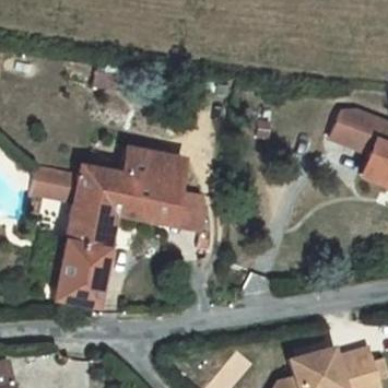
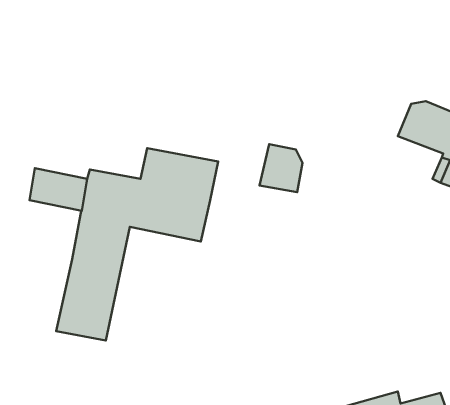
building: [173,191,208,231] -> [260,144,303,192]

